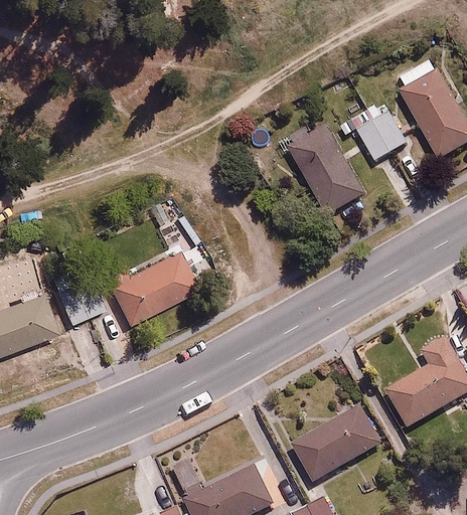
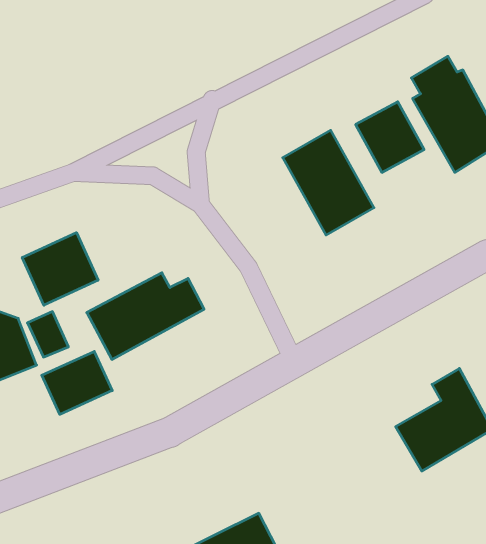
building: none -> [22,233,98,305]
building: none -> [42,351,112,414]
building: [293,405,377,483] -> none

